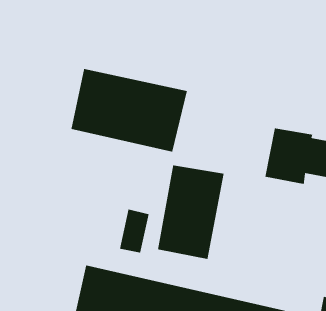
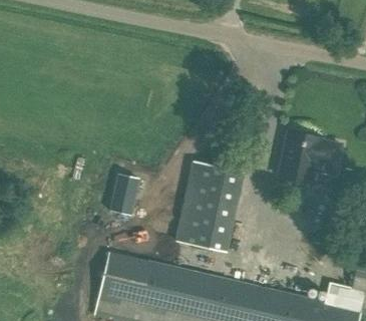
building: [71,68,187,152] -> none
building: [119,209,149,253] -> [111,172,139,213]

